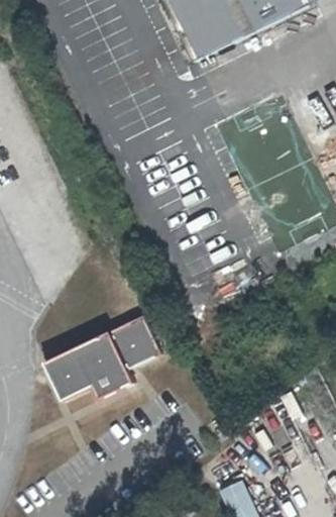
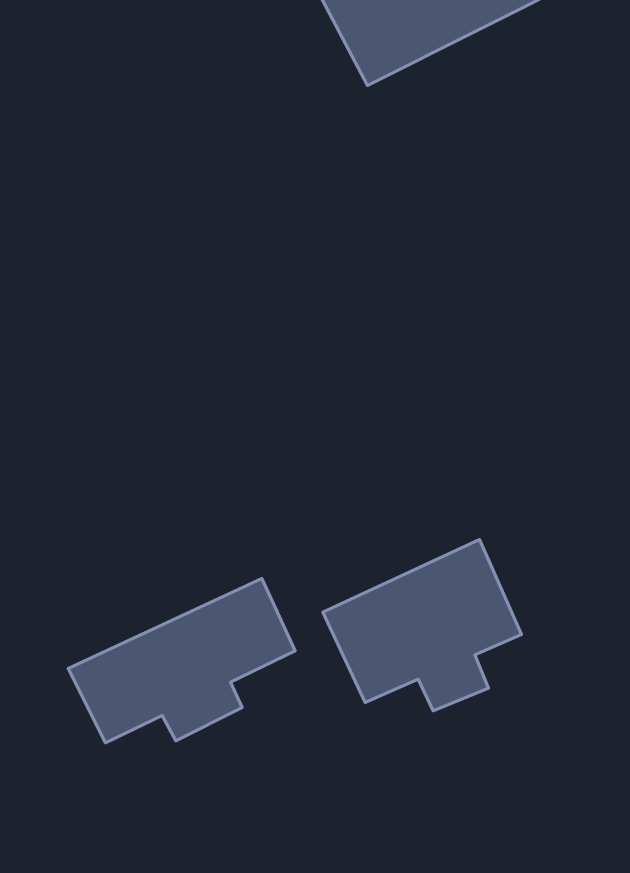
building: none -> [323,540,521,711]

